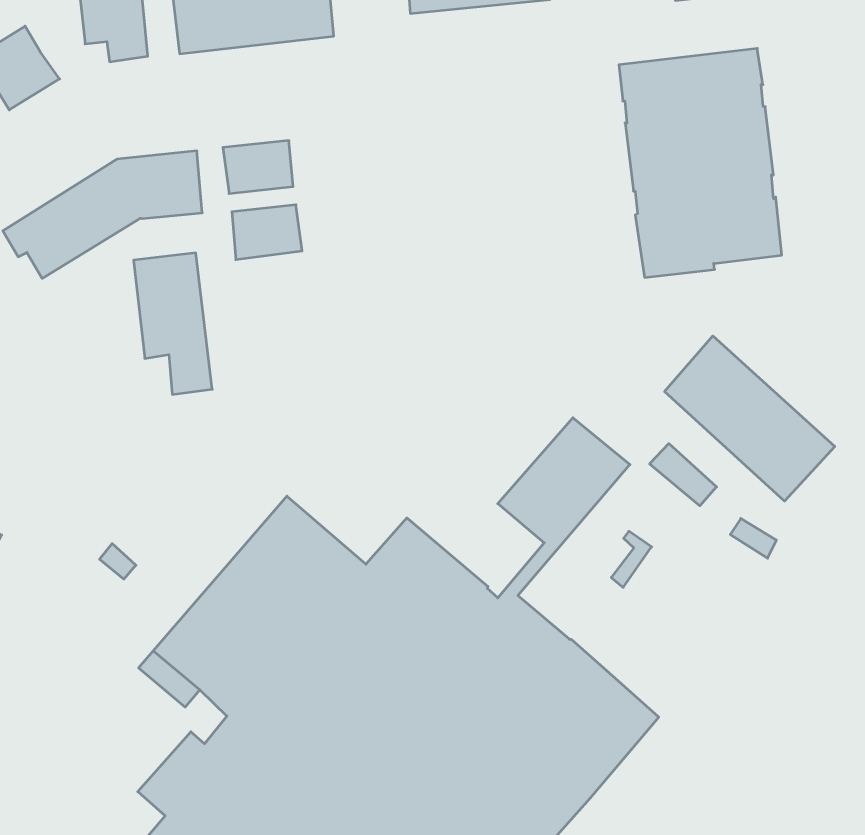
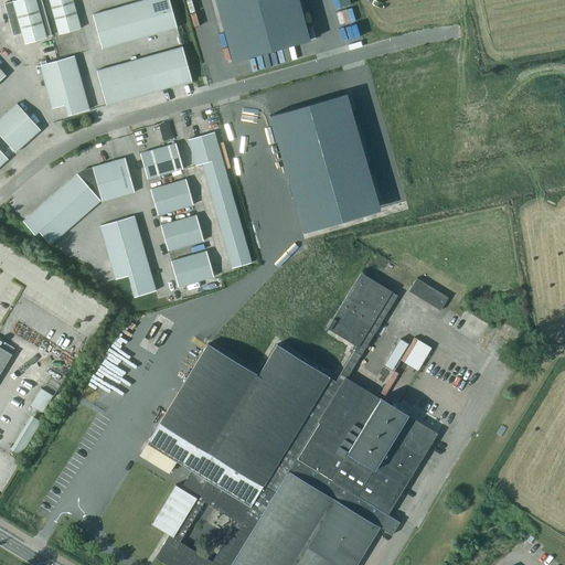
building: [619,48,782,277] -> [269,93,379,232]
building: none -> [188,131,250,268]
building: none -> [160,215,203,250]
building: none -> [170,250,213,287]
building: [665,336,835,501] -> none

